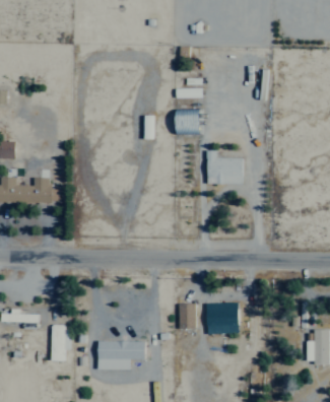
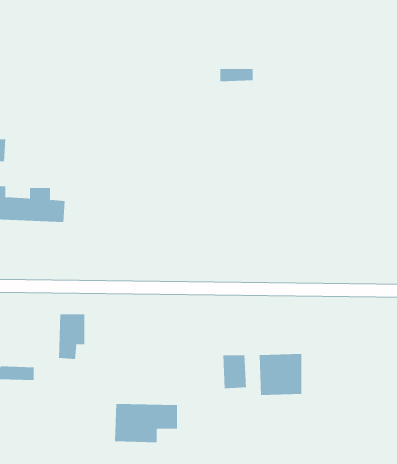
building: [175,110,200,134] -> none
building: [207,150,243,185] -> none
building: [51,327,71,361] -> [58,314,85,360]

